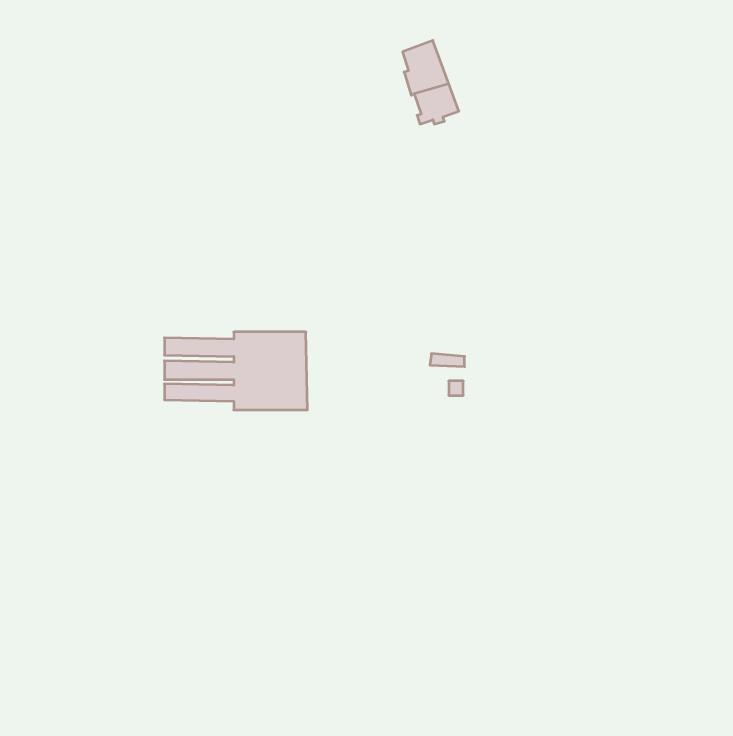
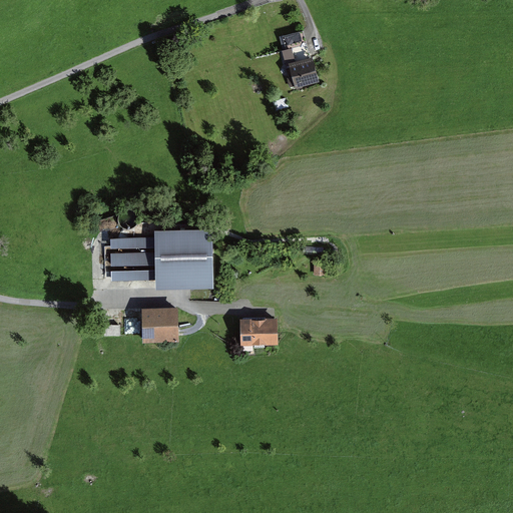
building: none -> [137,310,177,341]
building: none -> [237,321,277,345]

